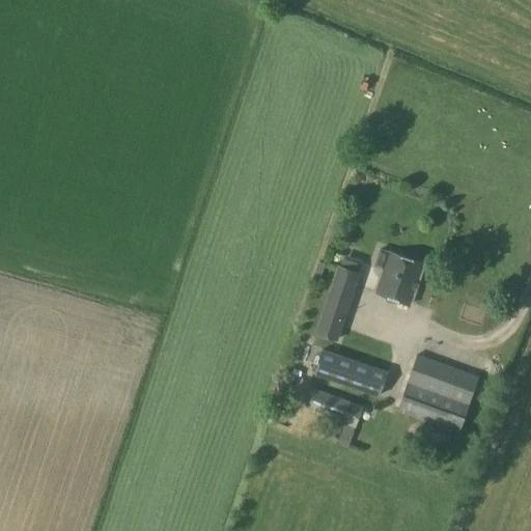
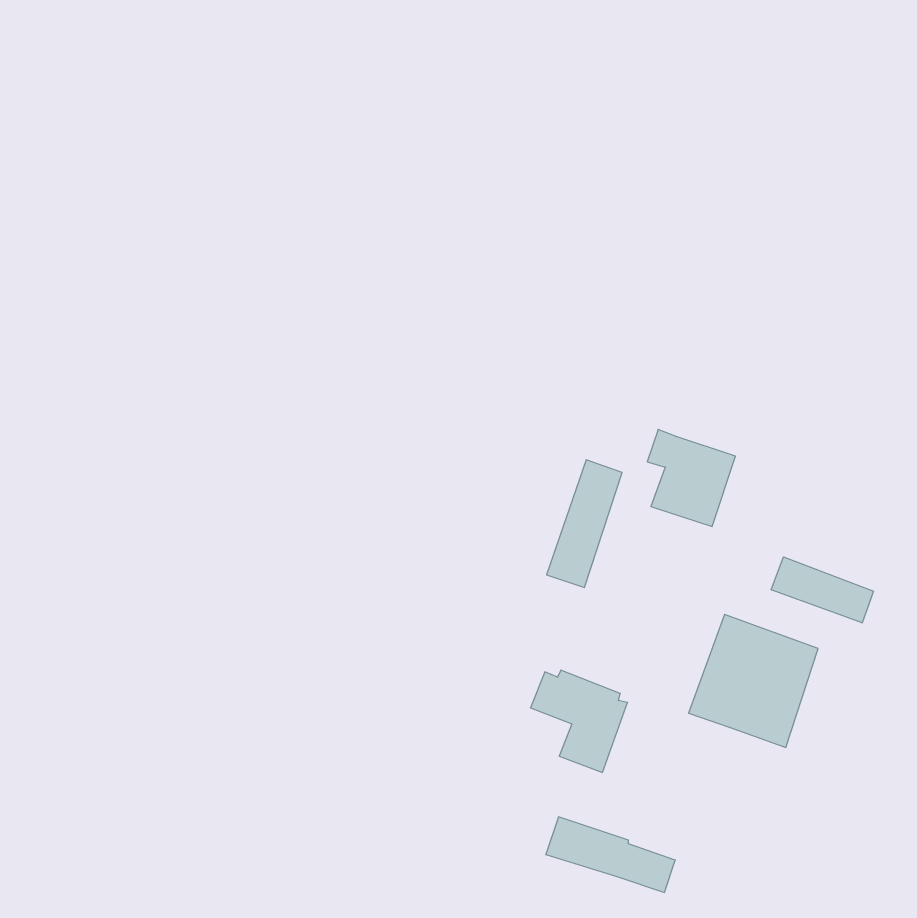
building: none -> [771,557,874,623]
building: [314,351,389,394] -> [546,817,675,892]

